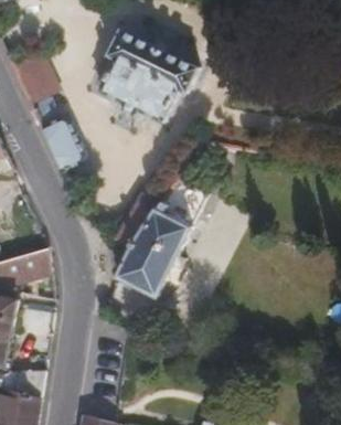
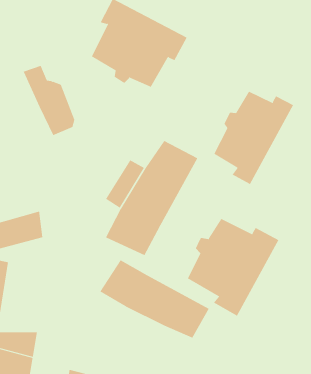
building: none -> [214,91,294,185]
building: none -> [187,218,279,316]
building: none -> [99,259,210,338]

